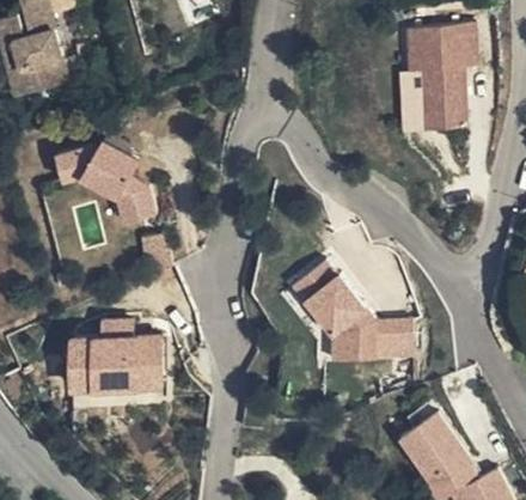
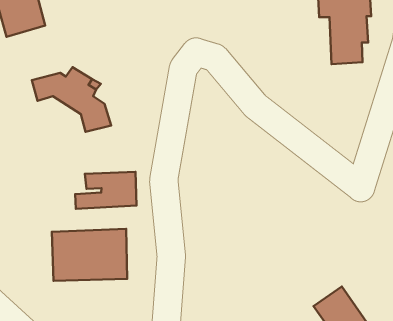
building: [290,258,409,359] -> none
building: none -> [75,172,136,209]

